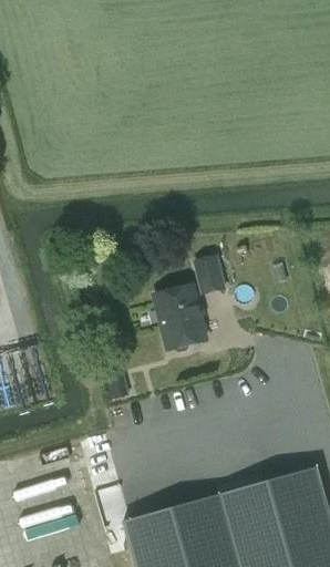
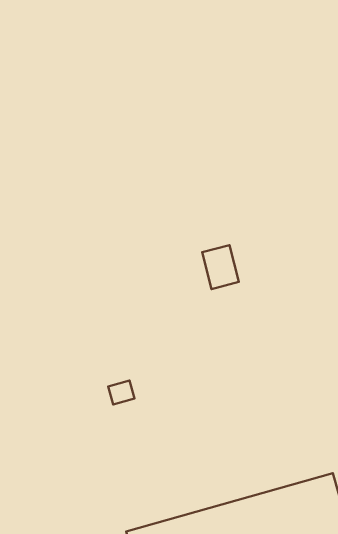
building: [154,287,205,354] -> none

